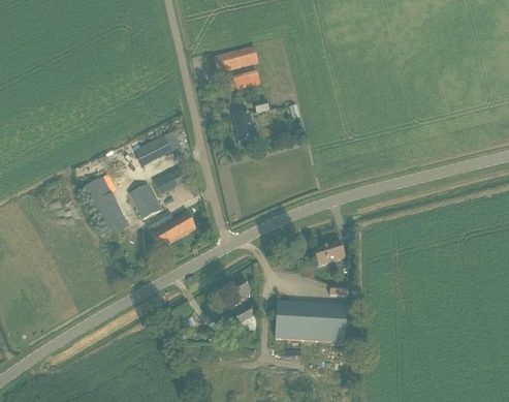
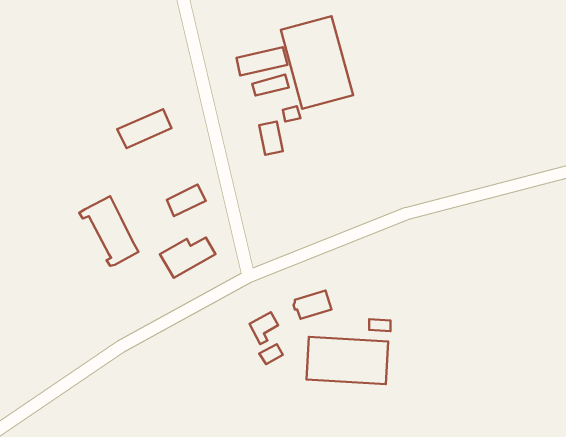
building: none -> [281,16,353,109]
building: [133,131,181,165] -> [117,109,172,148]
building: [129,184,160,219] -> none
building: [312,241,345,266] -> [294,291,331,319]

